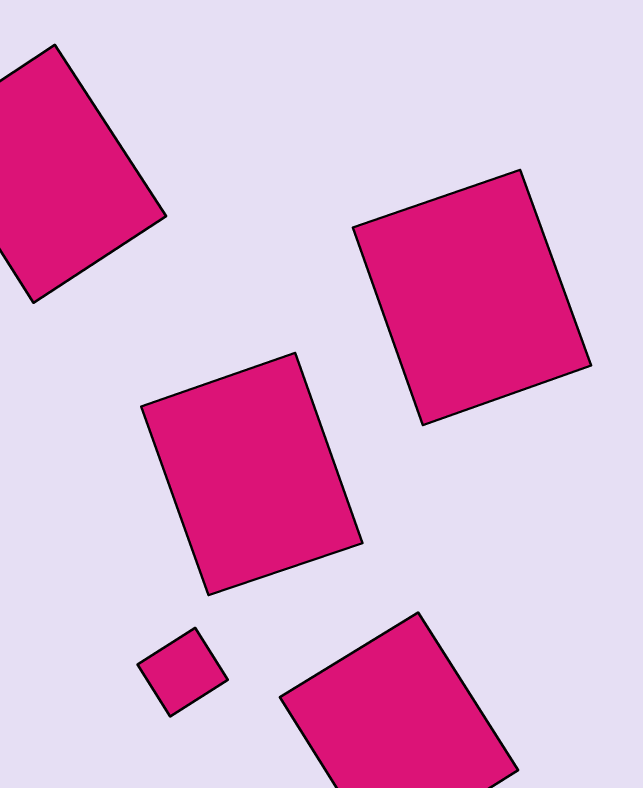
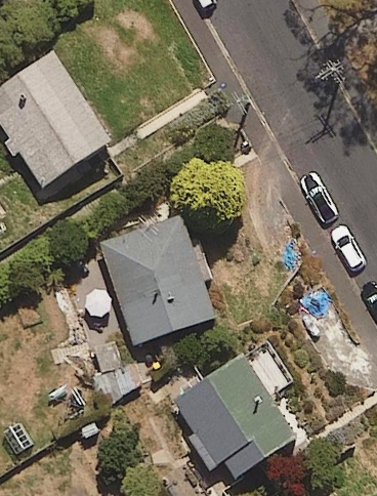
building: [353,170,591,425] -> none

